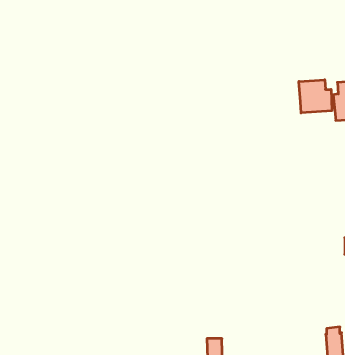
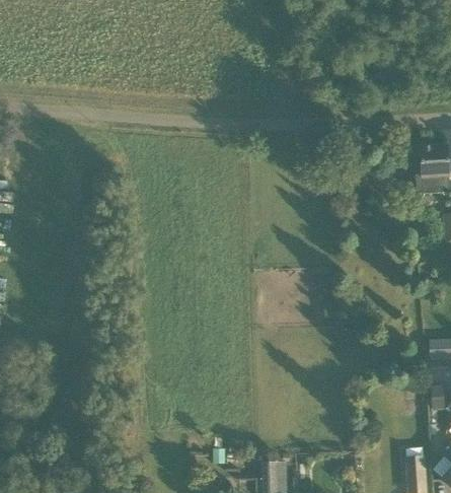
building: [299,80,332,113] -> none

